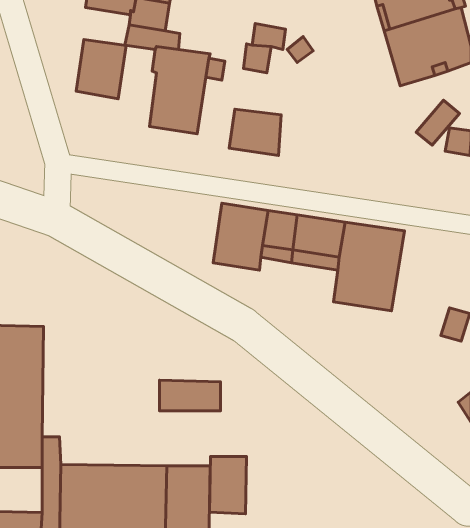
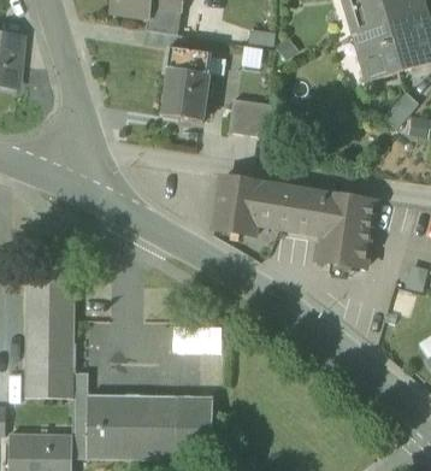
building: [76,40,126,99] -> none
building: [210,456,247,514] -> none

